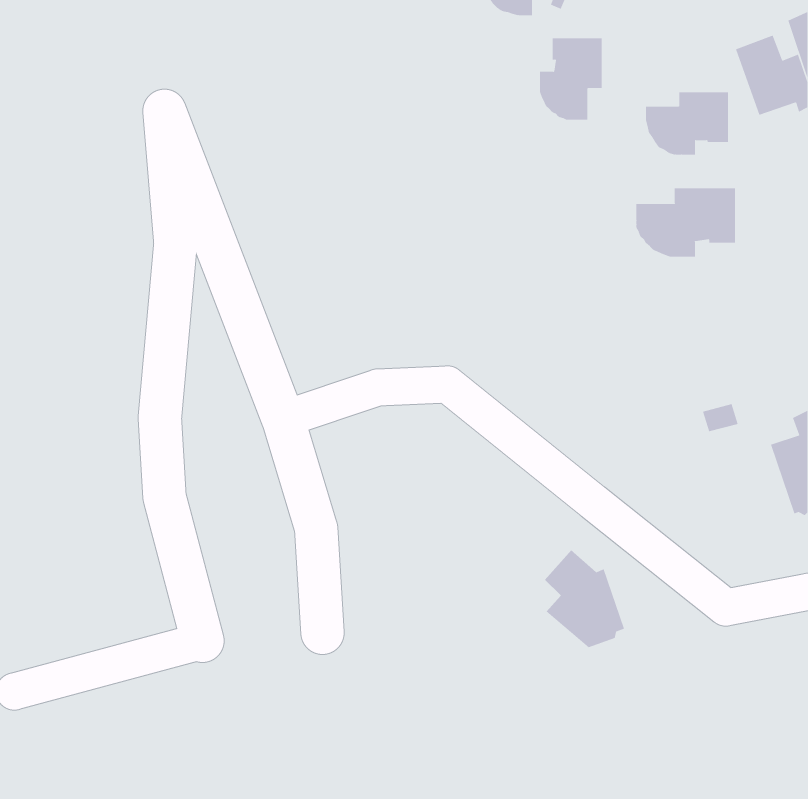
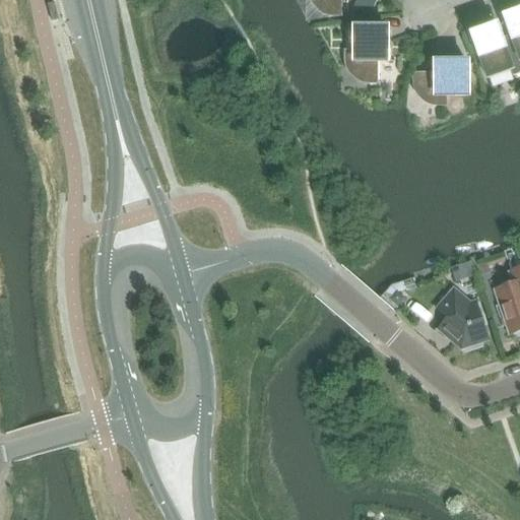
building: [636,188,736,257] -> none
building: [544,550,625,648] -> [437,285,489,348]

